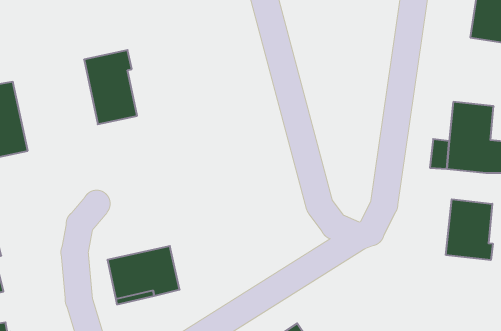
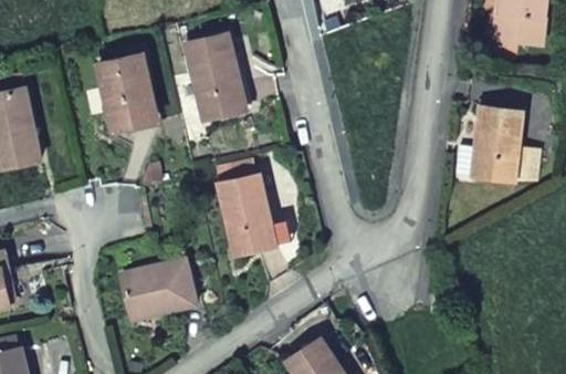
building: none -> [186,34,244,120]
building: none -> [218,176,274,256]
building: [446,199,493,260] -> none

